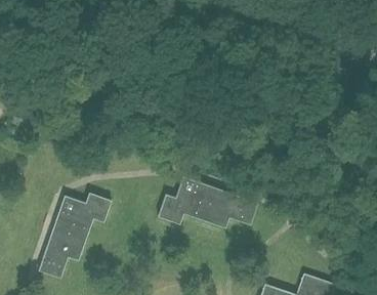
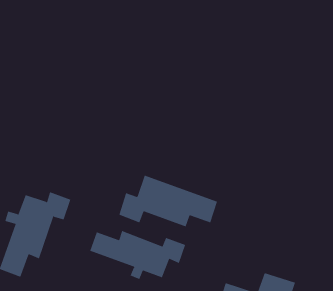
building: none -> [89,230,186,280]

